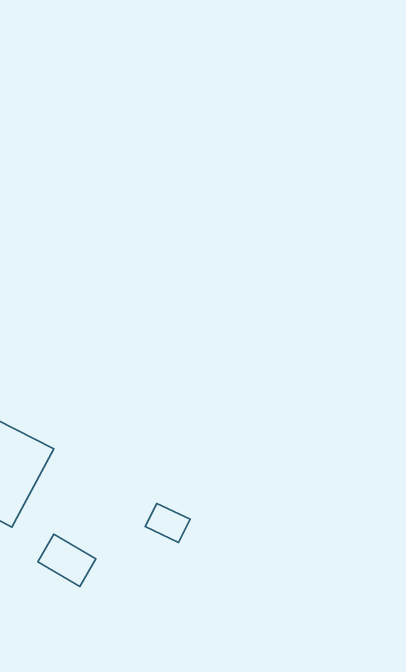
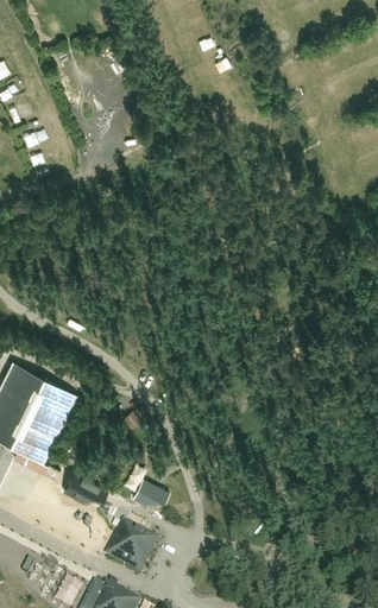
building: [145,503,190,542] -> [131,477,168,509]
building: none -> [105,525,156,575]

